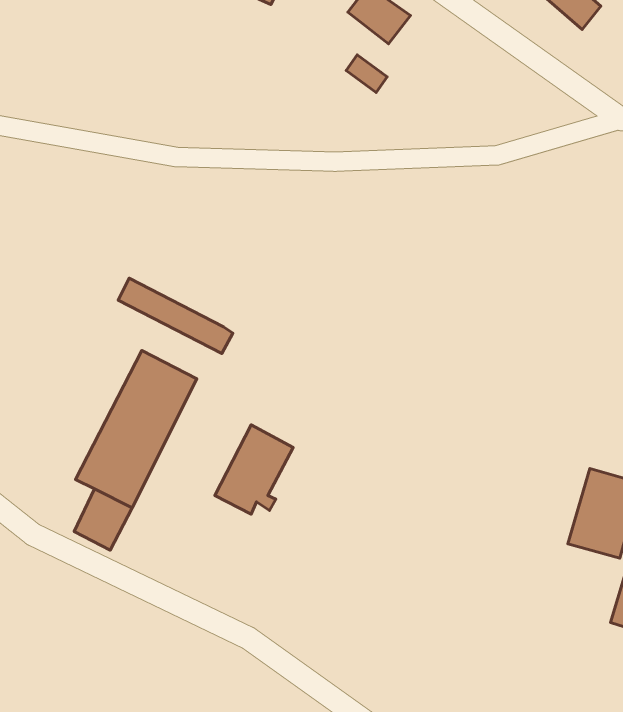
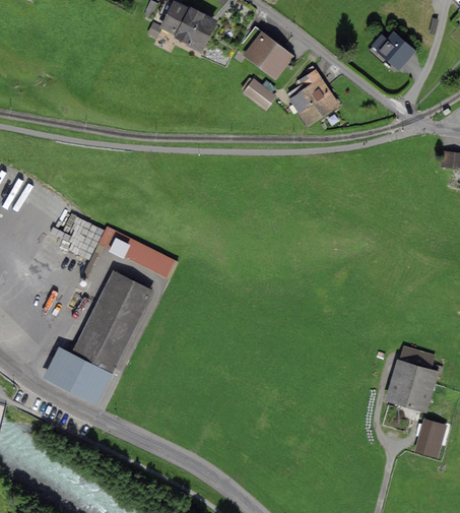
building: none -> [289,67,336,122]
building: [215,425,293,514] -> none
building: none -> [47,350,84,390]

